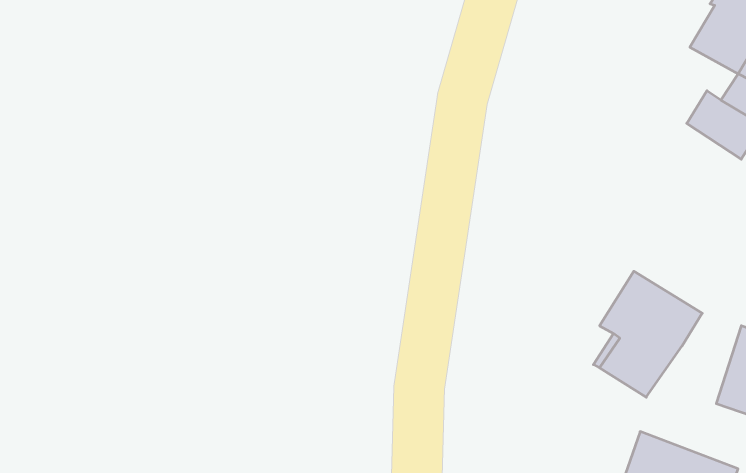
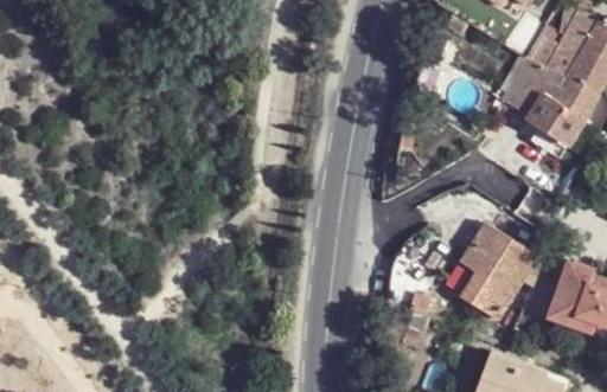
building: none -> [503,56,566,114]

